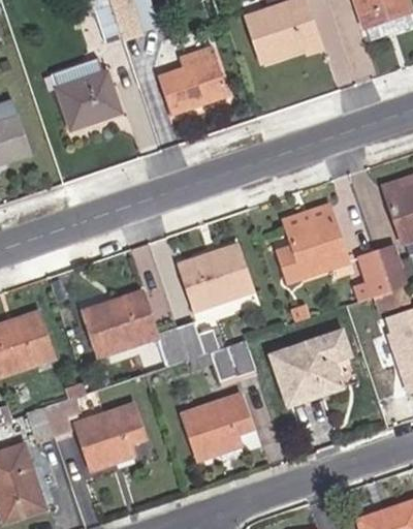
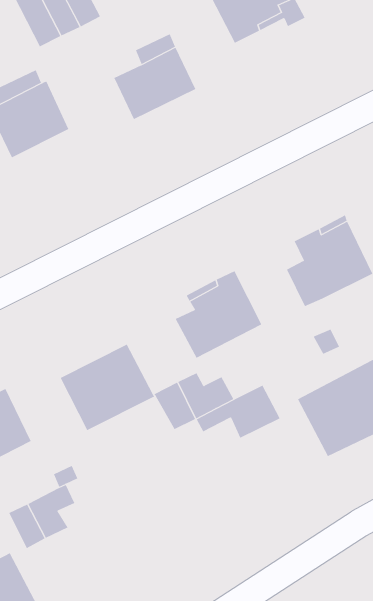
building: [179,391,250,458] -> none
building: [76,403,142,469] -> none

